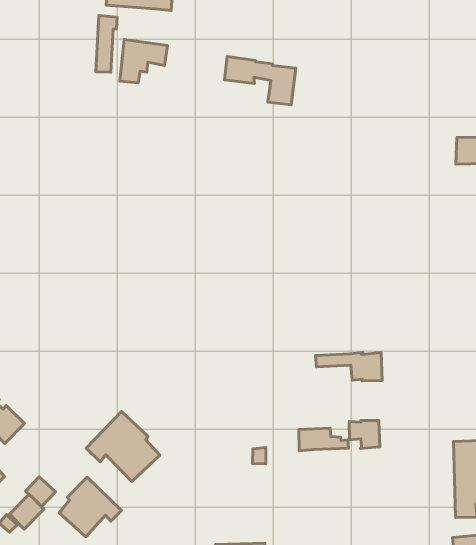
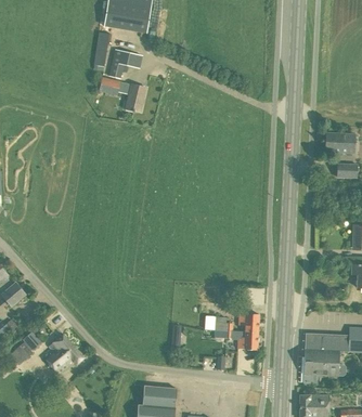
building: [224,56,296,105] -> [98,76,145,112]
building: [315,353,382,381] -> [214,329,257,350]
building: [86,412,160,481] -> none

